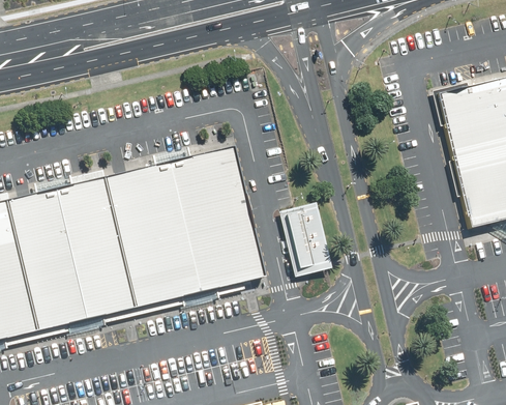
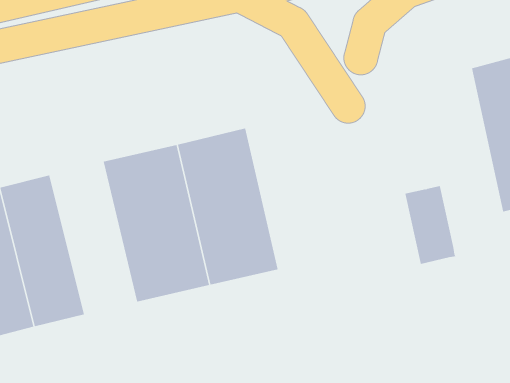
building: [52,178,131,319] -> none
building: [280,203,328,276] -> [404,186,456,264]

